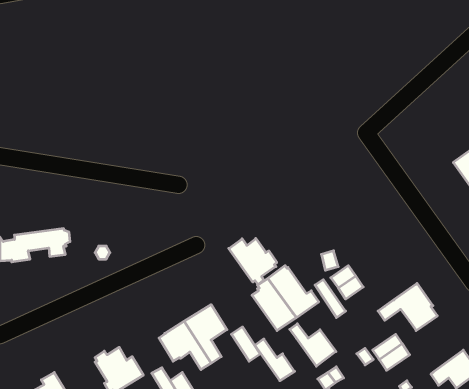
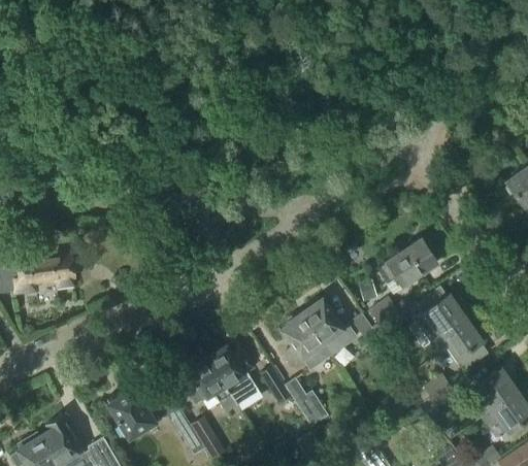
building: none -> [380,239,438,286]
building: [229,238,277,285] -> none
building: none -> [414,294,466,342]
building: [290,324,336,366] -> none
building: none -> [476,368,518,415]

